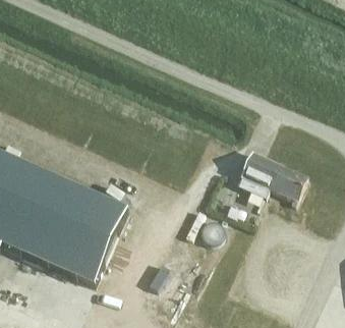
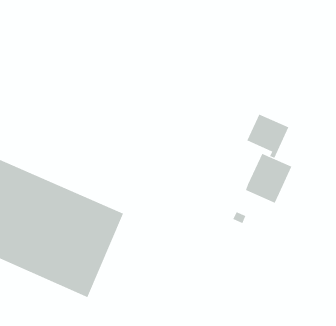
building: [267,164,305,205] -> [247,114,289,159]

